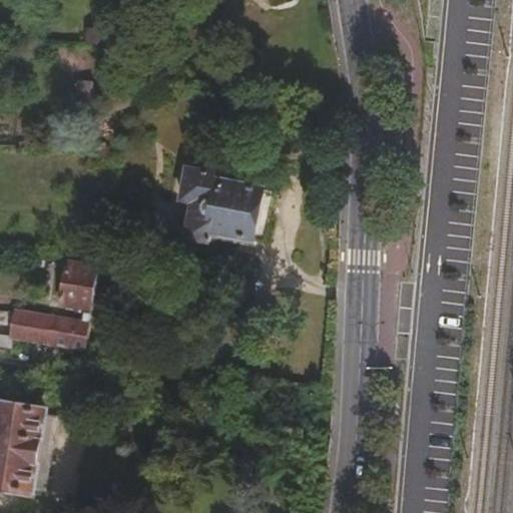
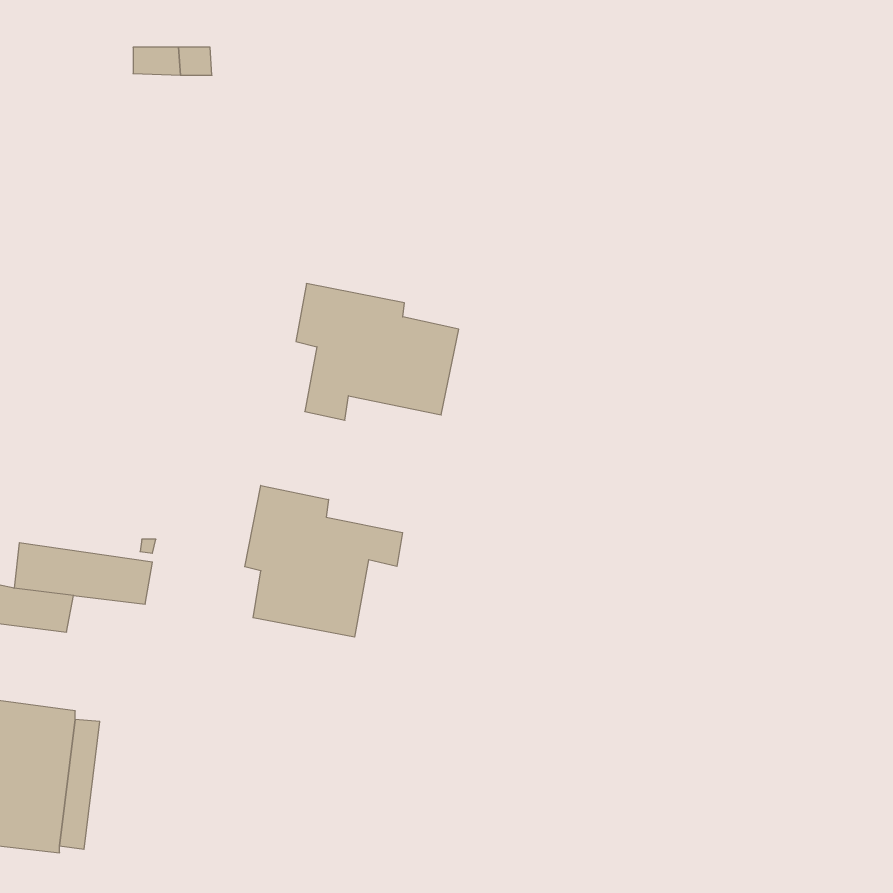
building: [56,258,96,307] -> none
building: none -> [245,485,403,637]

